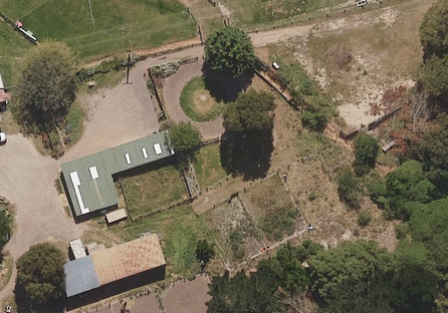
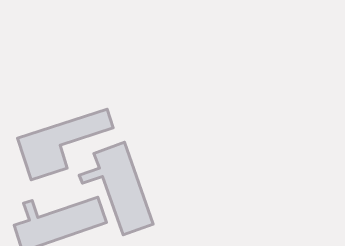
building: none -> [79,142,153,235]

